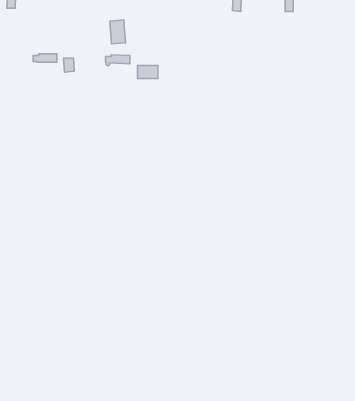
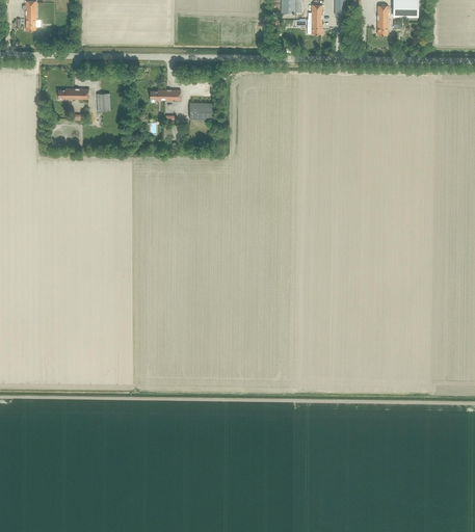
building: [110,20,126,44] -> none

